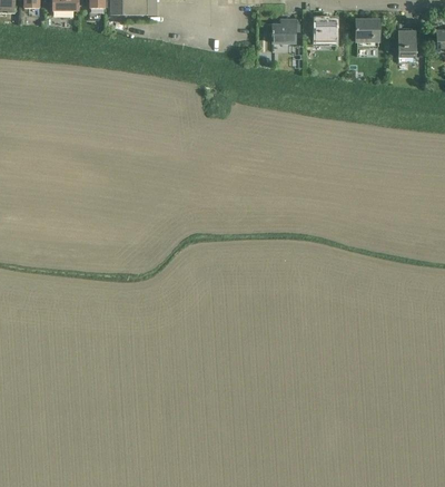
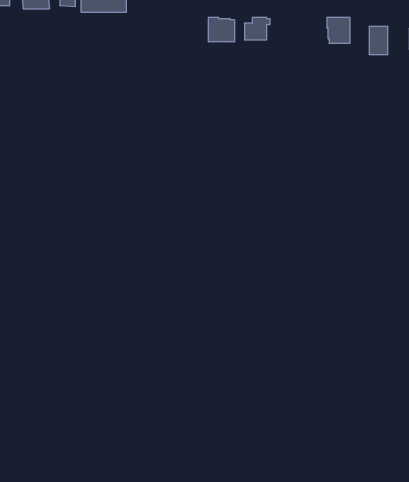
building: none -> [208,17,234,42]
building: [315,20,335,42] -> none

